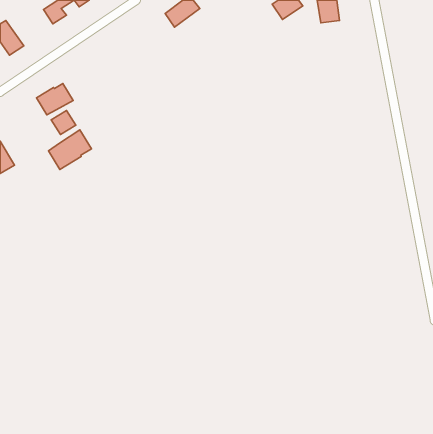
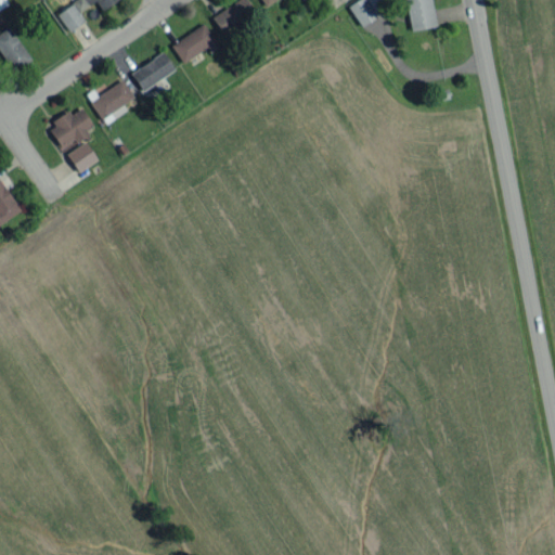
building: none -> [172,25,217,63]
building: none -> [129,53,176,91]
building: none -> [91,80,134,125]
building: [48,130,91,170] -> none

